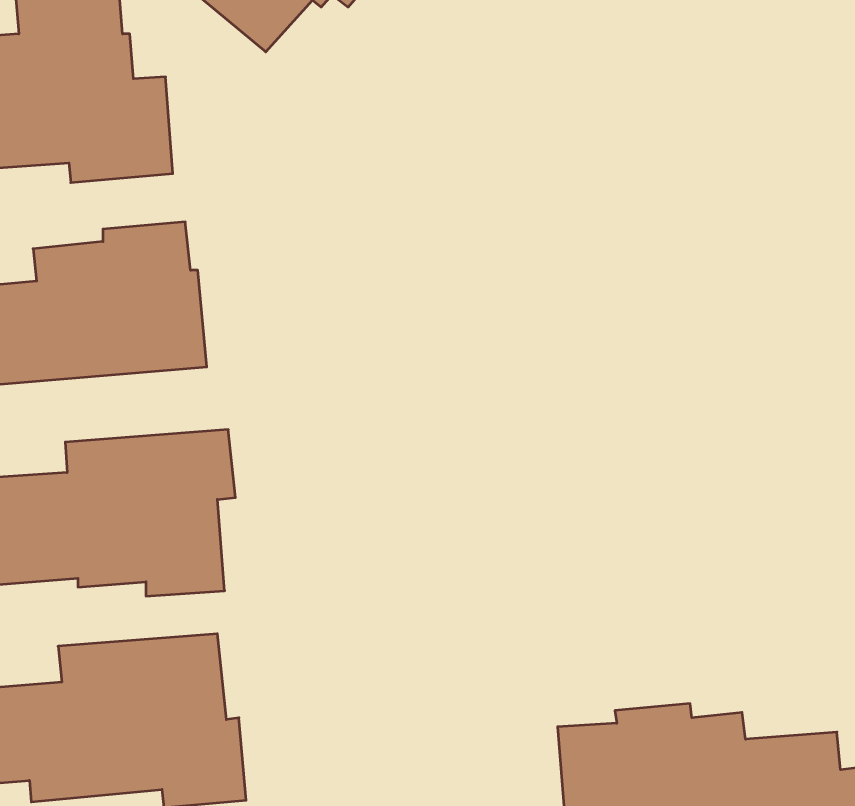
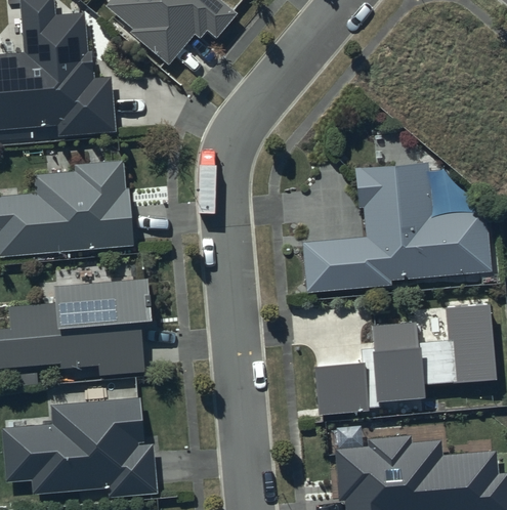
building: none -> [304,164,490,292]
building: none -> [315,299,497,415]

